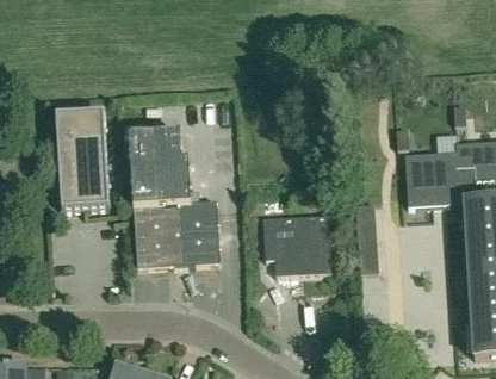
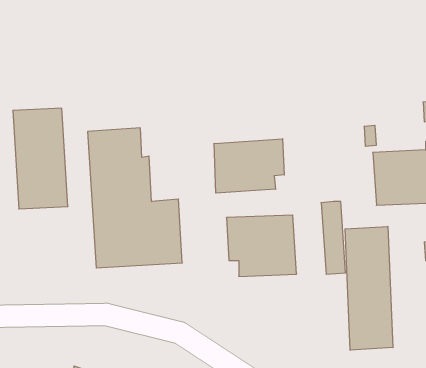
building: none -> [214,139,284,193]
building: none -> [345,226,393,350]

